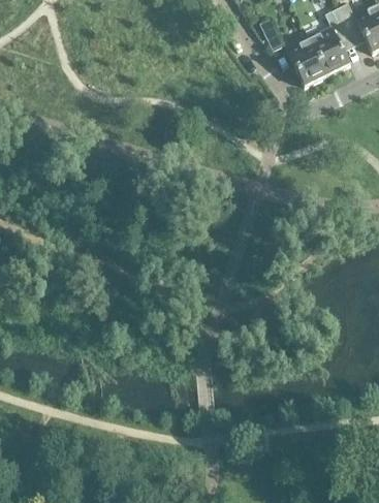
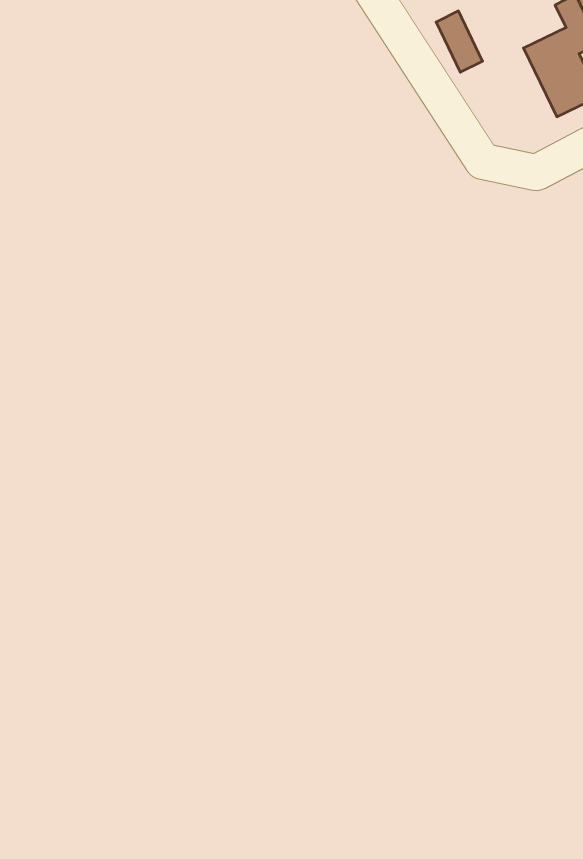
building: [286,36,326,85] -> none

